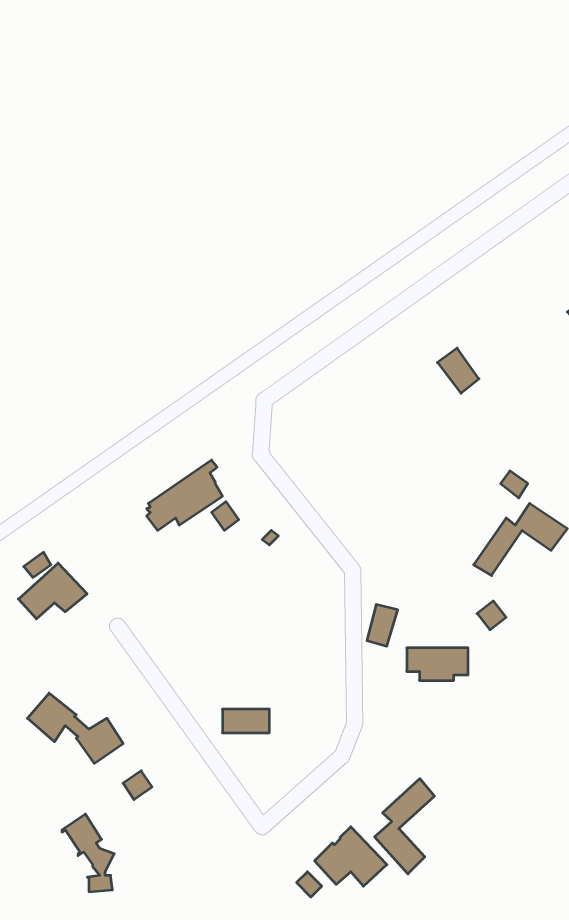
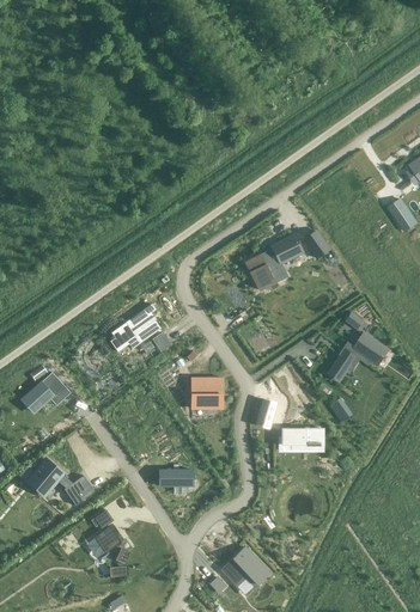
building: none -> [245,235,300,290]
building: none -> [191,378,221,408]
building: [375,779,434,874] -> none
building: [62,814,114,892] -> [95,526,129,577]

